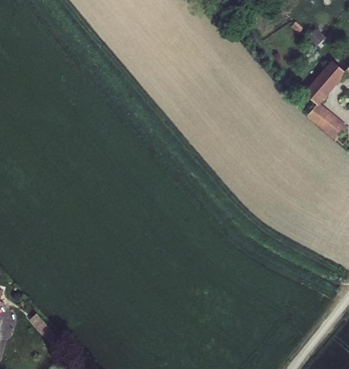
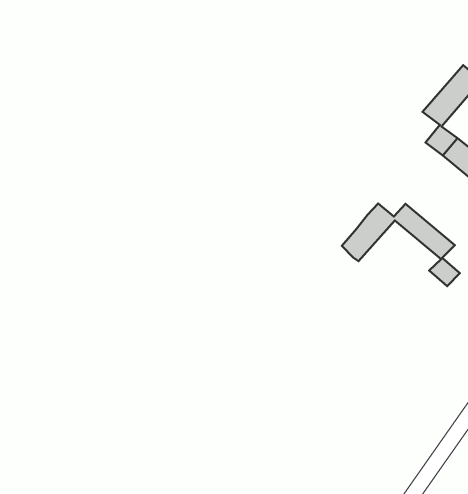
building: none -> [342,203,460,286]

